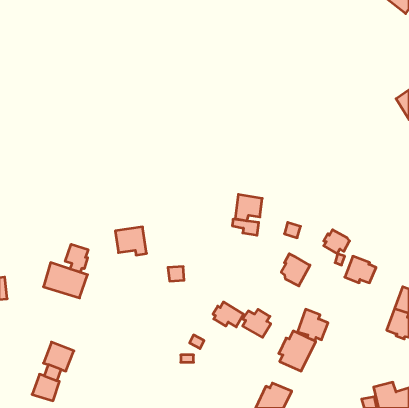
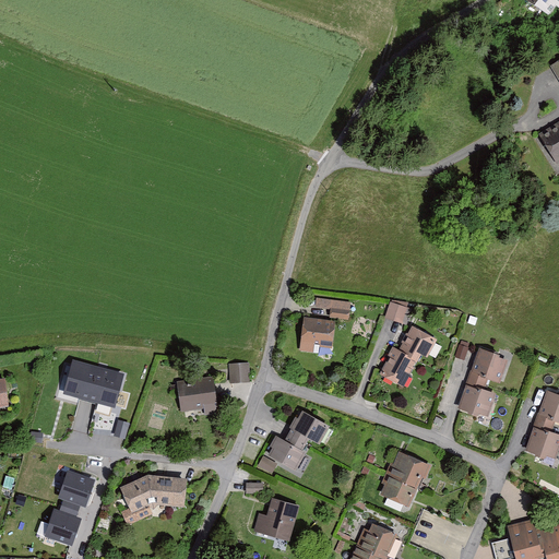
building: [235,194,262,221] -> [300,317,337,353]
building: [115,227,147,255] -> [177,377,219,415]
building: [324,230,350,254] -> [402,328,437,360]
building: [65,244,88,272] -> none
building: [243,309,271,337] -> [270,433,308,472]
building: [298,309,328,341] -> [457,377,499,419]
building: none -> [120,475,189,526]
building: none -> [254,498,302,540]

